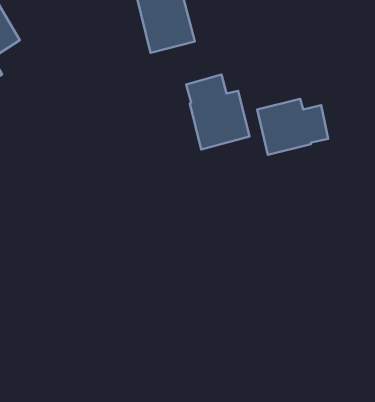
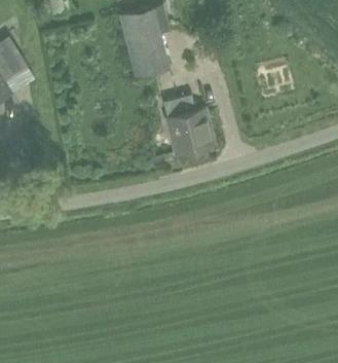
building: [257,99,328,155] -> none

